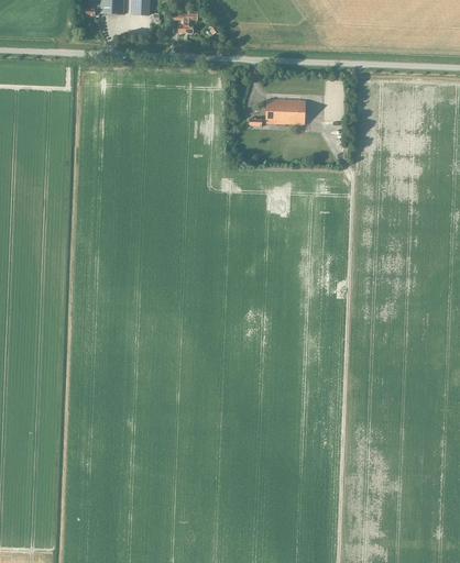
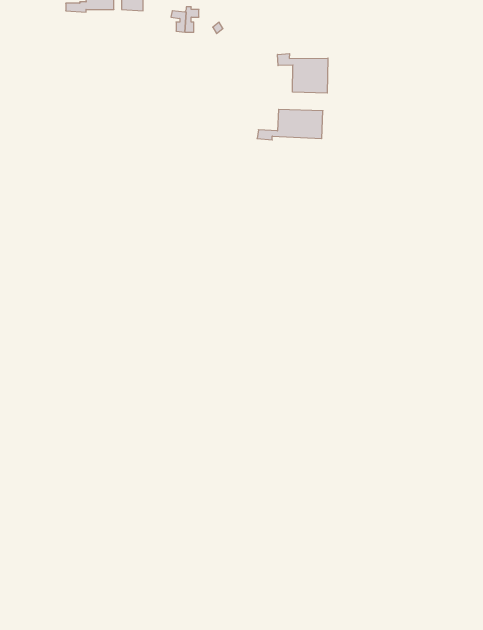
building: none -> [278,54,328,93]

